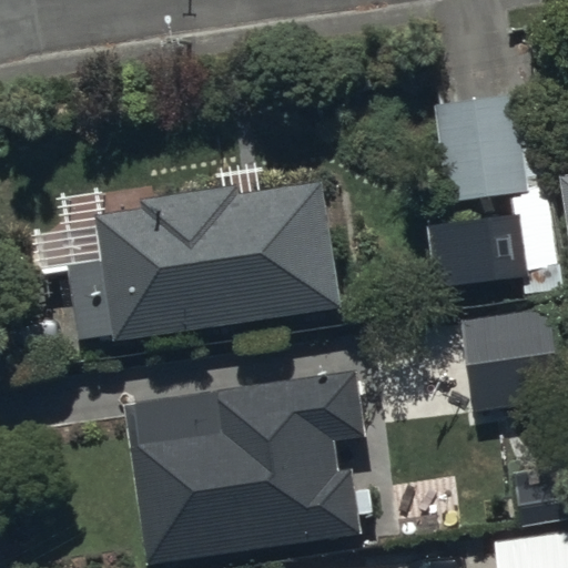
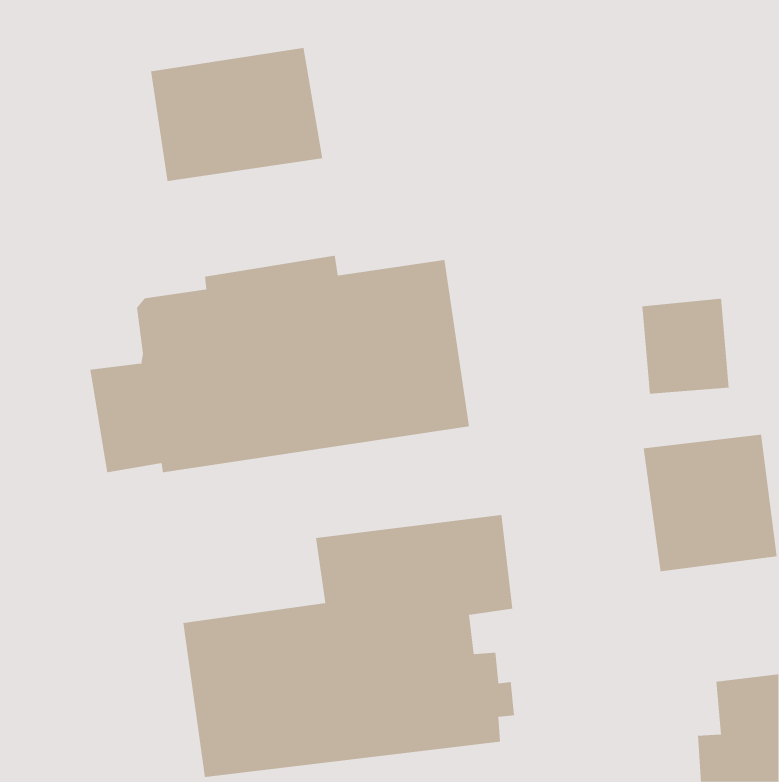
building: none -> [151,47,323,182]
building: [434,97,521,203] -> none

